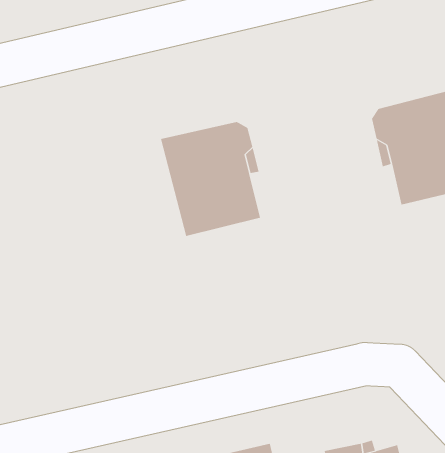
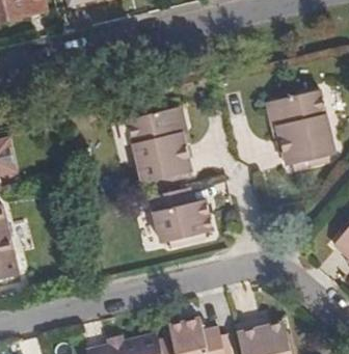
building: none -> [153,186,216,242]

